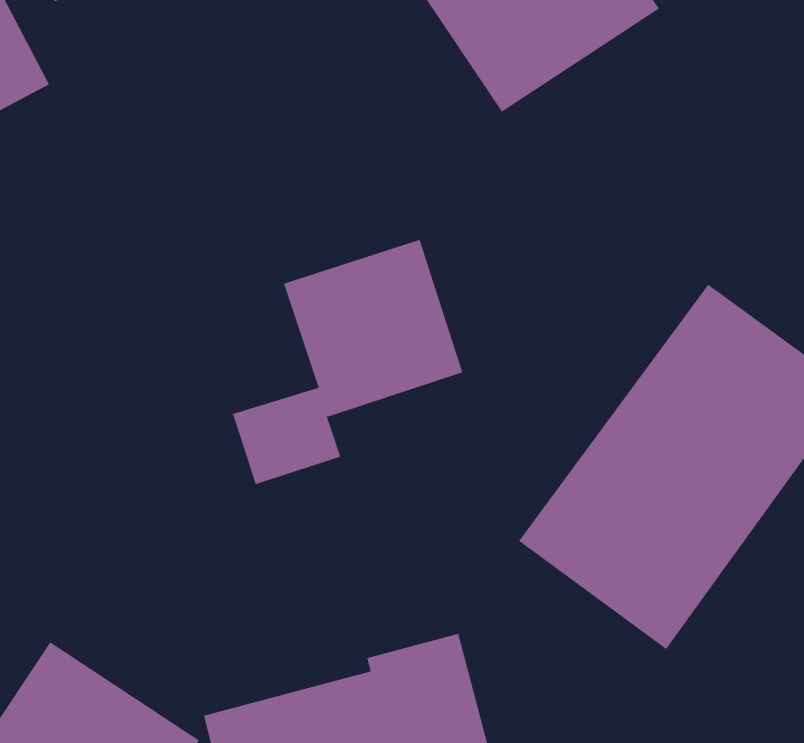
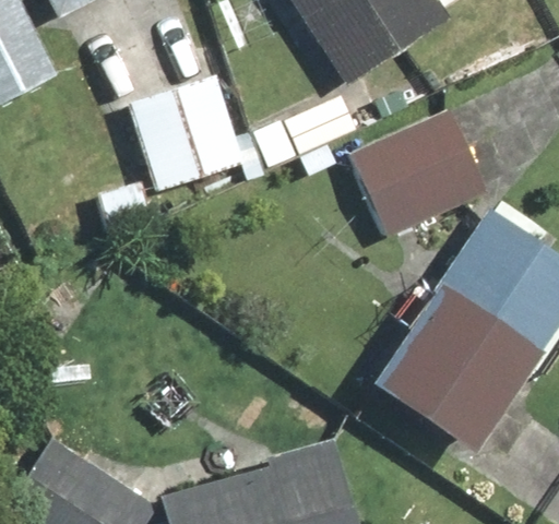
building: none -> [353,108,493,238]
building: [232,239,463,485] -> [98,73,251,236]

